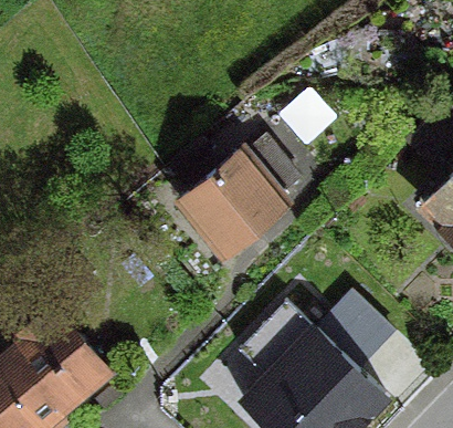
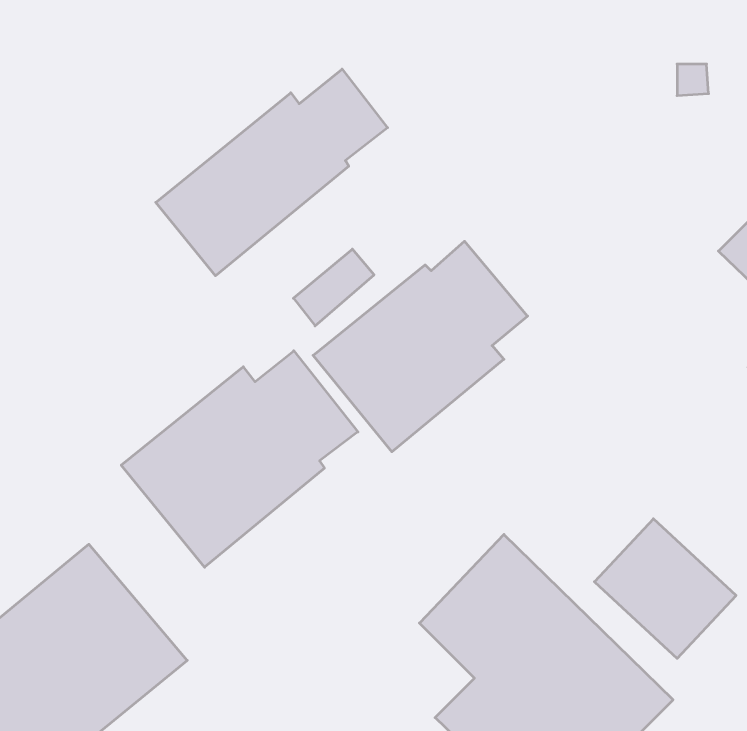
building: none -> [156,69,388,276]
building: none -> [121,351,358,567]

